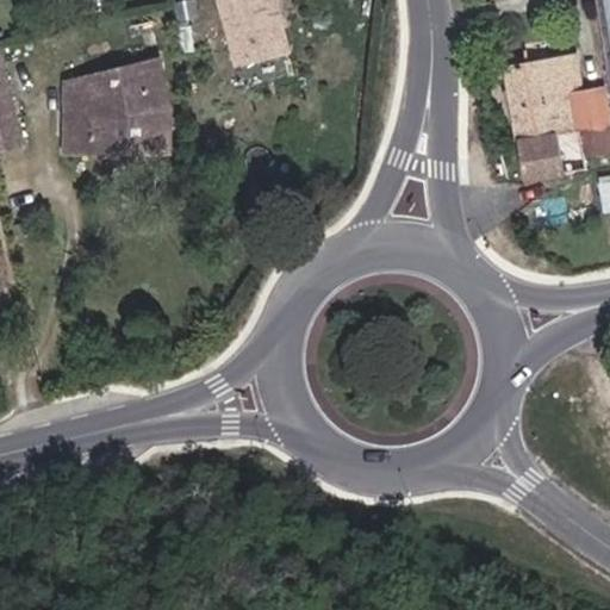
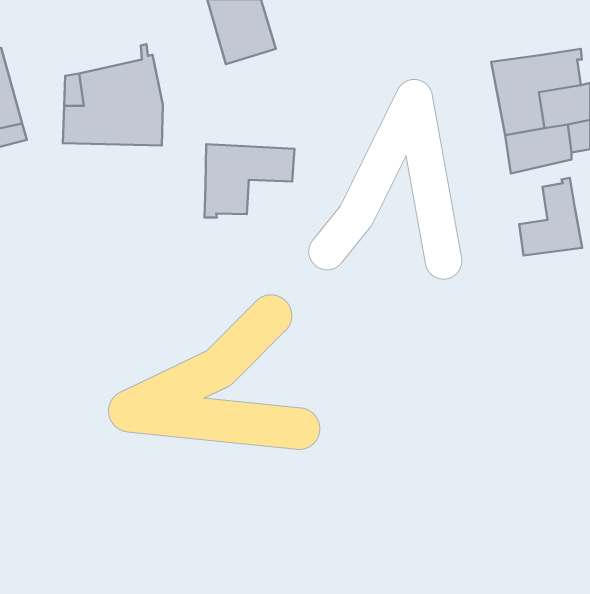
building: none -> [204,144,294,217]
building: none -> [519,178,582,255]

